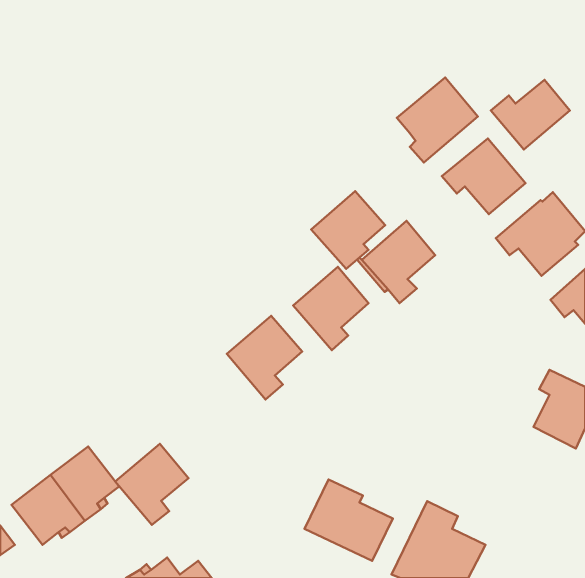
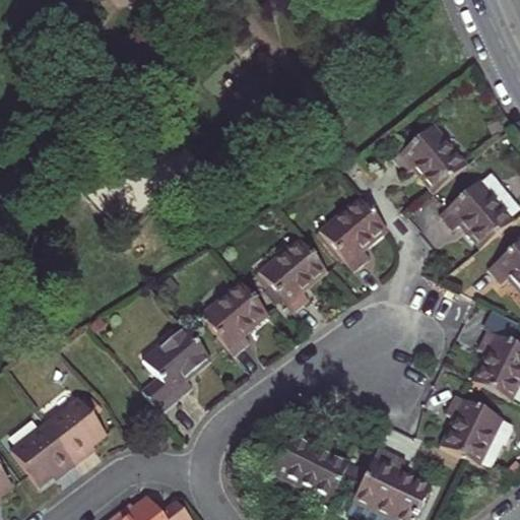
building: [397,78,478,162] -> none
building: [491,80,570,149] -> none
building: [311,191,385,269] -> none
building: none -> [442,393,512,467]
building: [115,444,189,525] -> [144,325,209,397]

